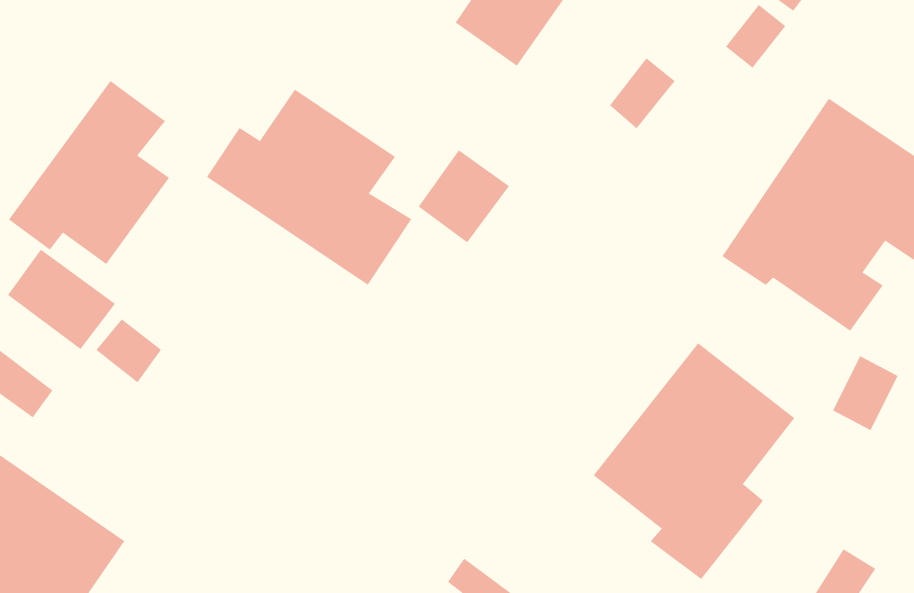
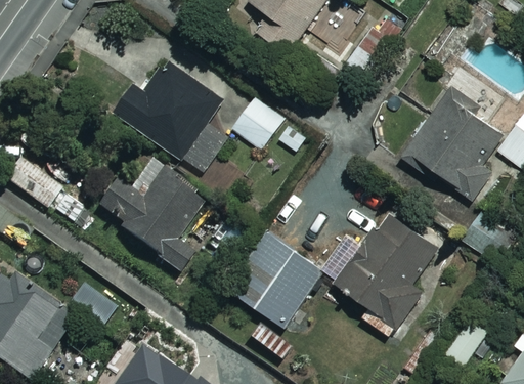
building: [8,80,170,265] -> none
building: none -> [96,146,209,271]
building: none -> [229,232,322,327]

